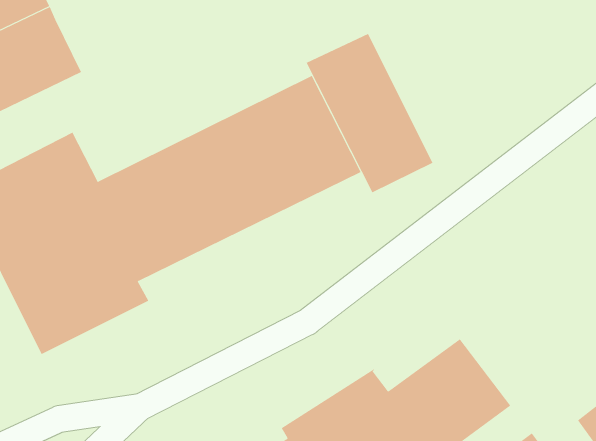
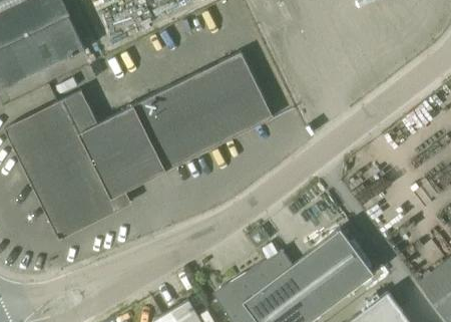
building: [306,33,433,193] -> none

